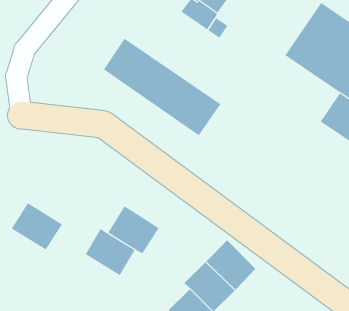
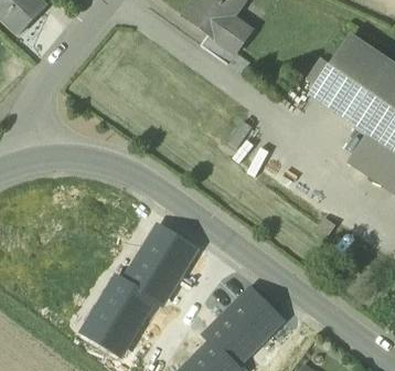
building: [103,38,221,136] -> none
building: none -> [141,225,195,276]
building: [11,203,63,250] -> [82,304,137,354]

